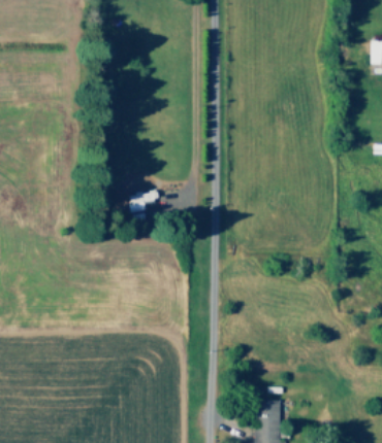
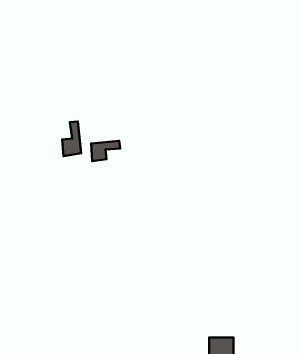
building: none -> [62,122,81,156]

